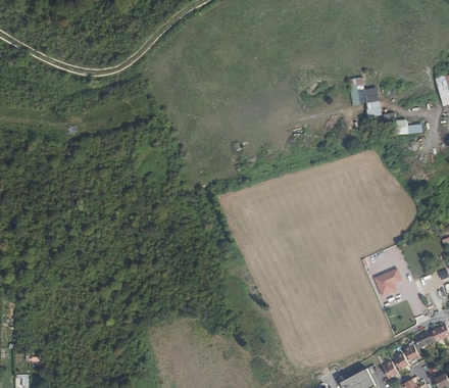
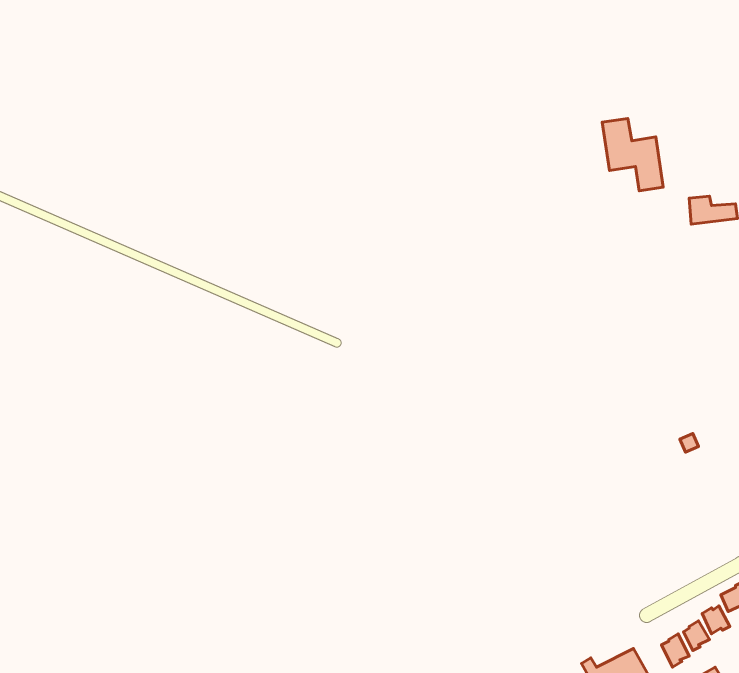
building: [375,269,401,296] -> none

